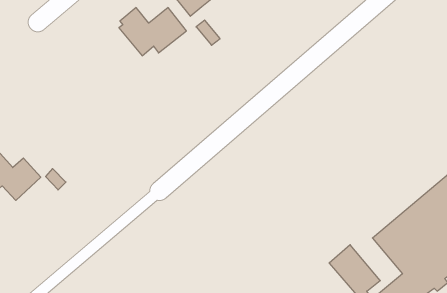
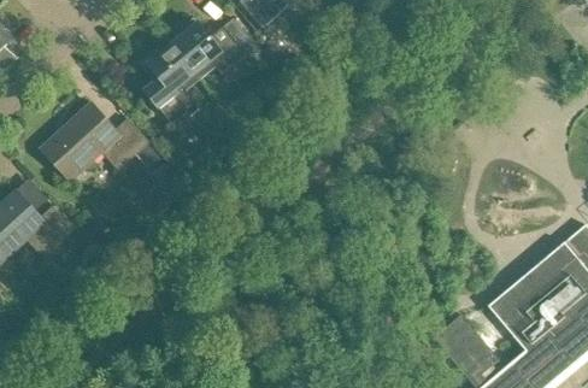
building: none -> [139,43,200,123]
building: none -> [40,104,160,182]

